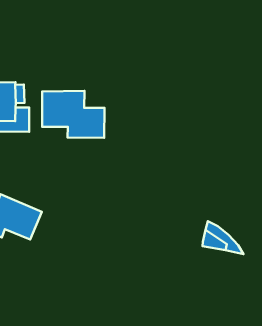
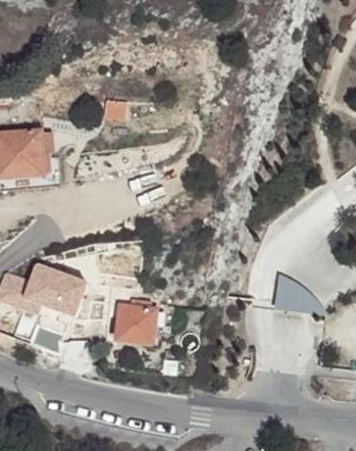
building: [42,91,105,138] -> none
building: none -> [116,299,156,343]

